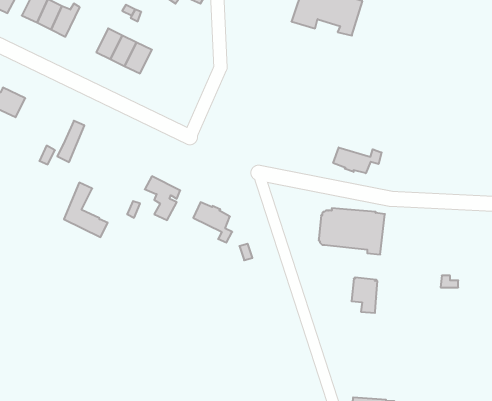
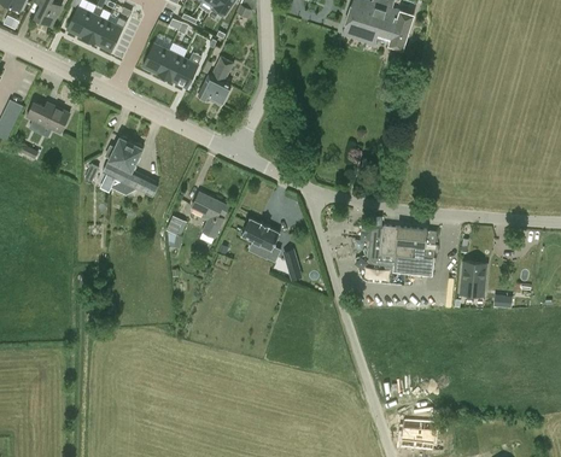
building: none -> [198,58,232,106]
building: [333,147,382,173] -> none
building: [64,183,108,237] -> [113,142,158,198]
building: [351,277,377,313] -> [458,262,485,298]

